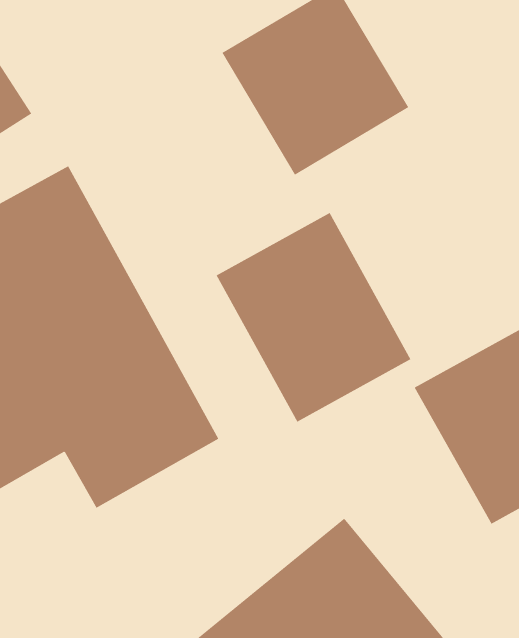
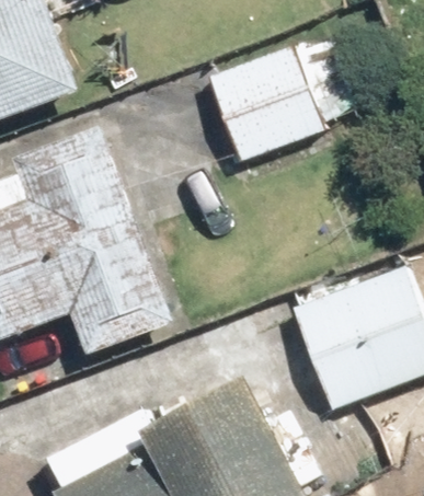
building: [216,212,411,422] -> none

